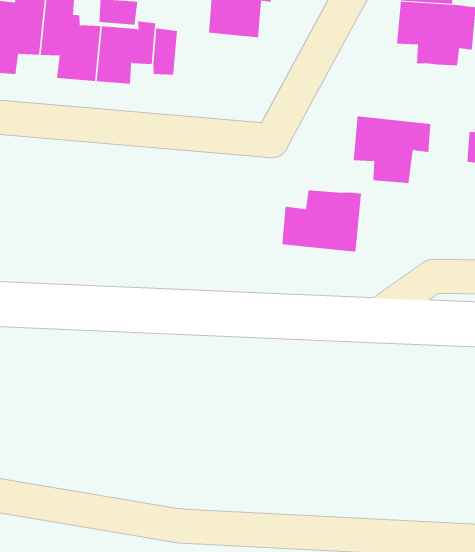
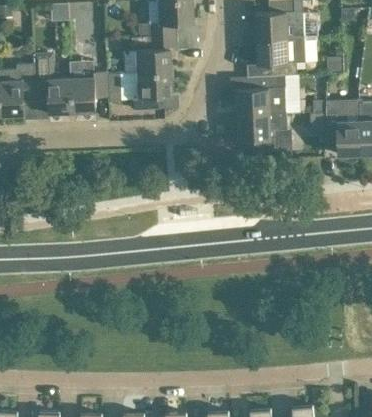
building: none -> [133,71,172,109]
building: [282,190,362,252] -> [237,74,285,112]

